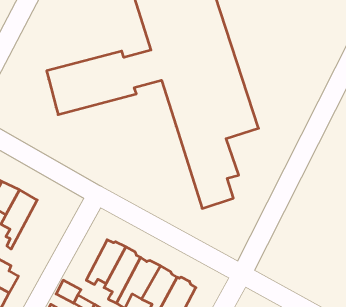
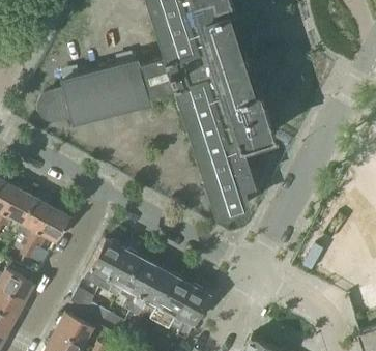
building: none -> [38,89,70,121]
building: none -> [26,209,69,260]
building: none -> [83,239,121,289]

